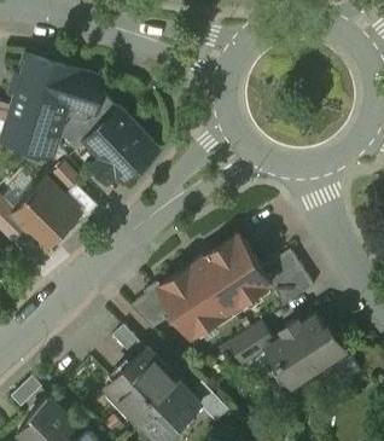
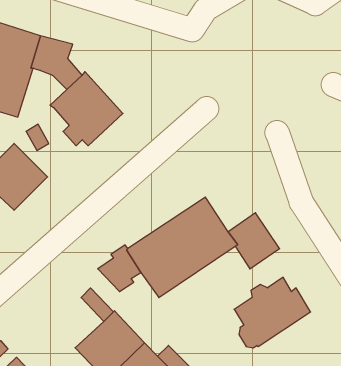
building: [64,108,99,152] -> none
building: [229,323,275,367] -> none

